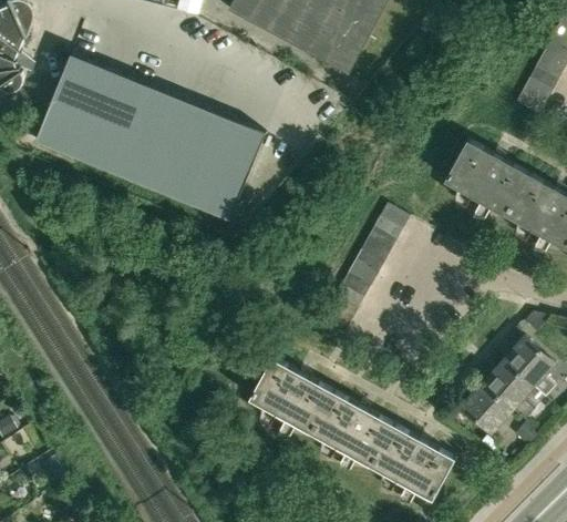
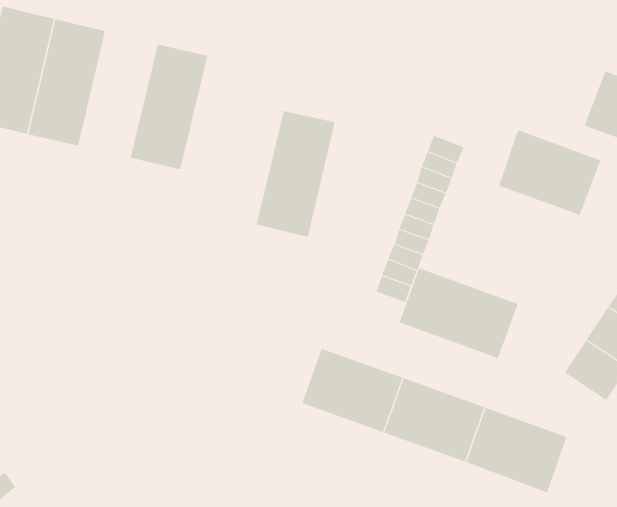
building: [106,82,181,185] -> none
building: [184,114,259,217] -> [256,111,336,238]
building: [445,140,529,215] -> [498,129,601,216]
building: none -> [399,268,518,359]

